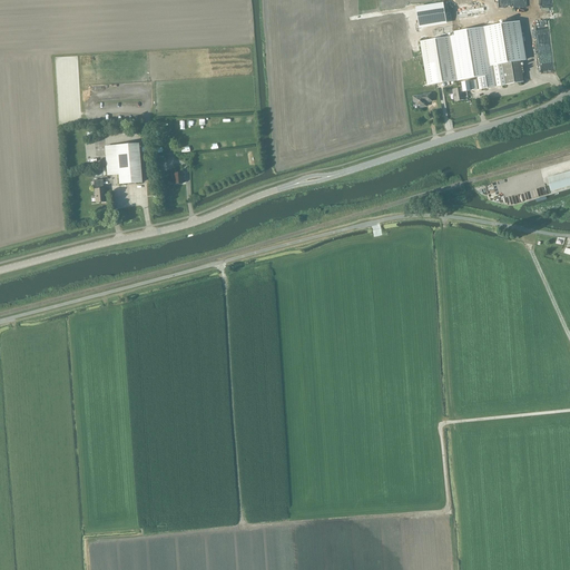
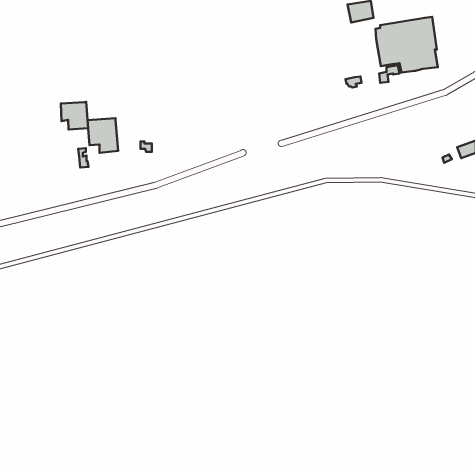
building: [422,35,456,83] -> none
building: none -> [61,102,88,130]

